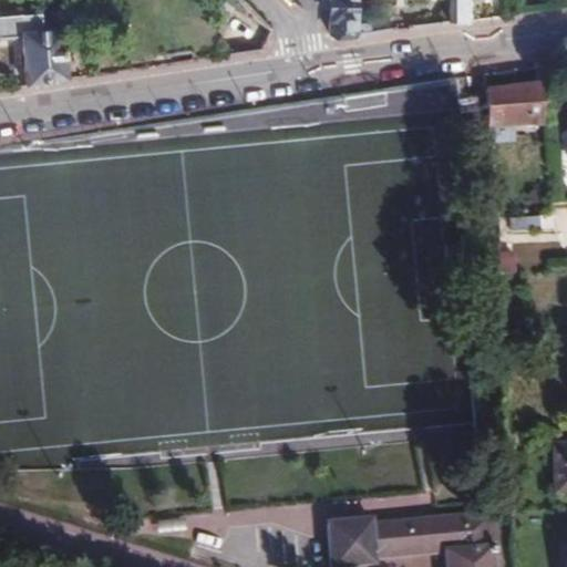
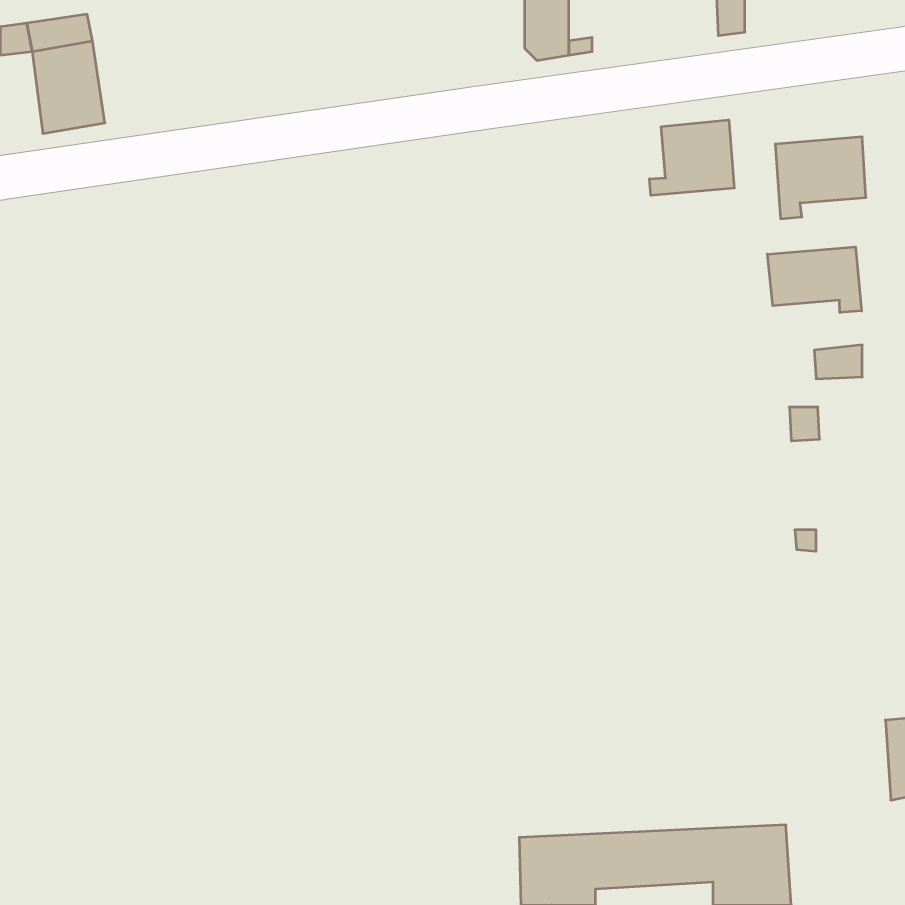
building: none -> [650,120,734,195]
building: none -> [767,247,862,313]

